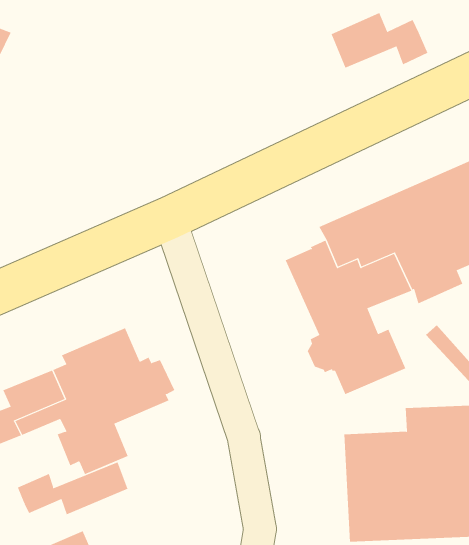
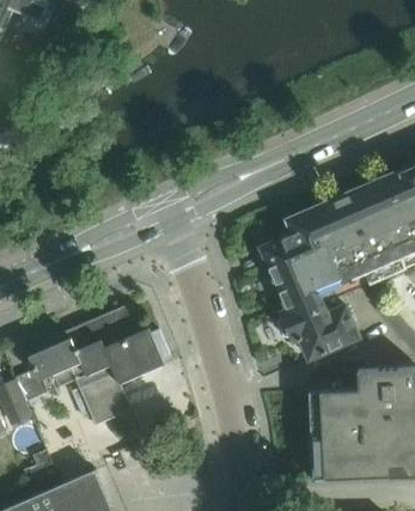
building: [331,12,428,69] -> none
building: [17,461,128,515] -> none

